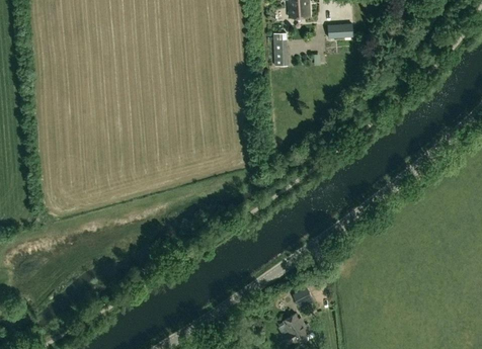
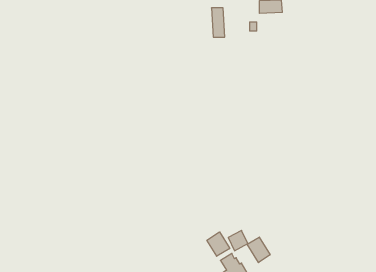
building: none -> [207,232,230,256]
building: none -> [247,237,270,263]

